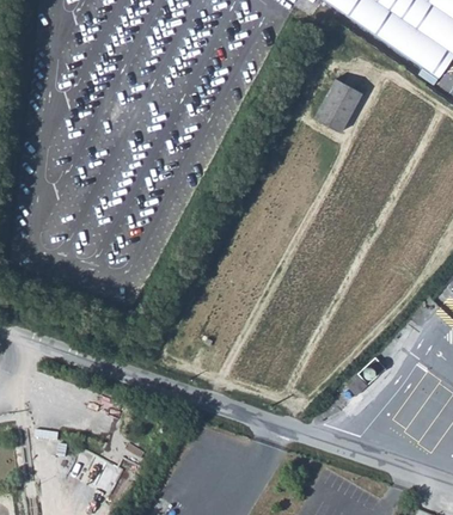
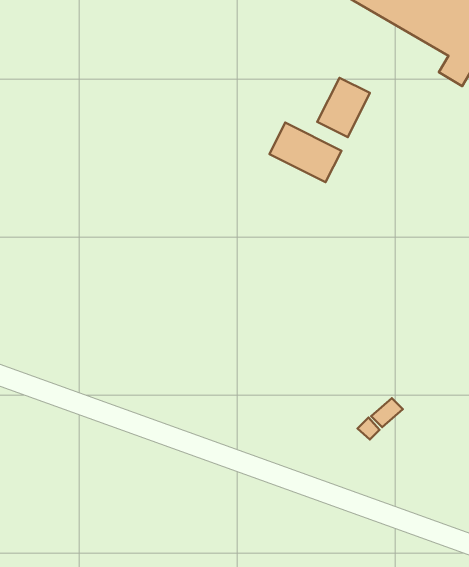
building: none -> [270,123,341,182]

